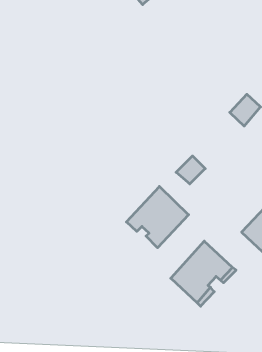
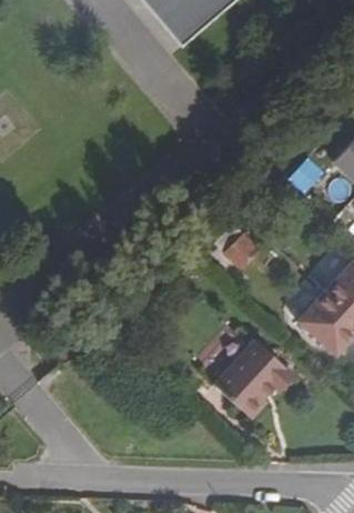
building: [126,186,189,248] -> none

